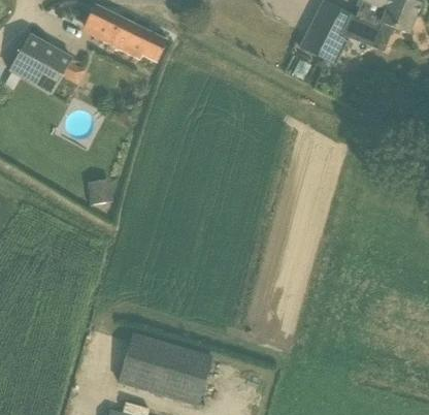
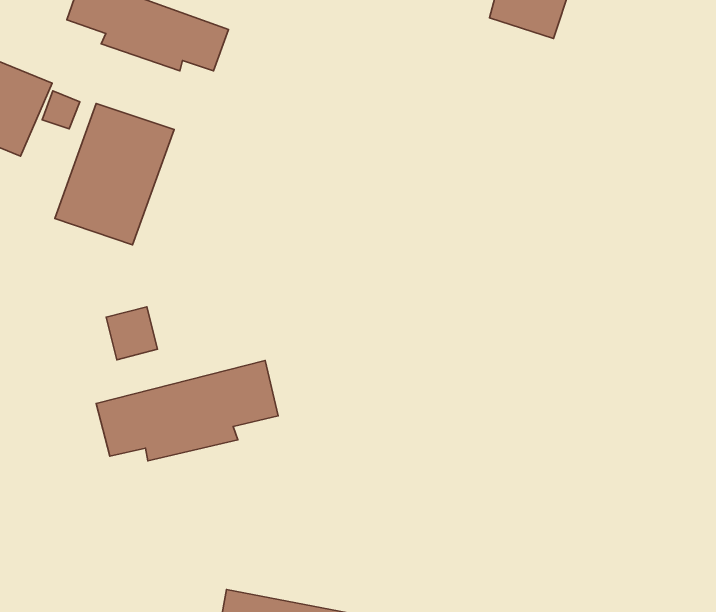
building: none -> [55,103,174,245]
building: none -> [96,361,278,461]

